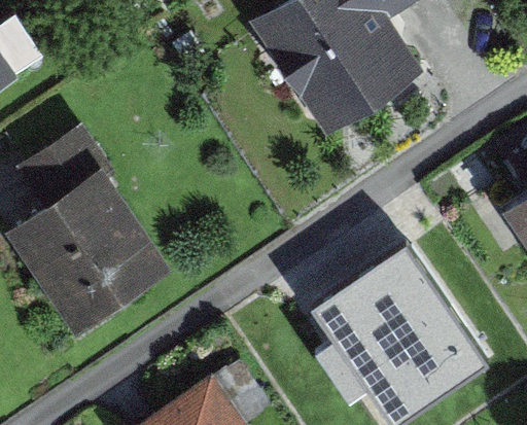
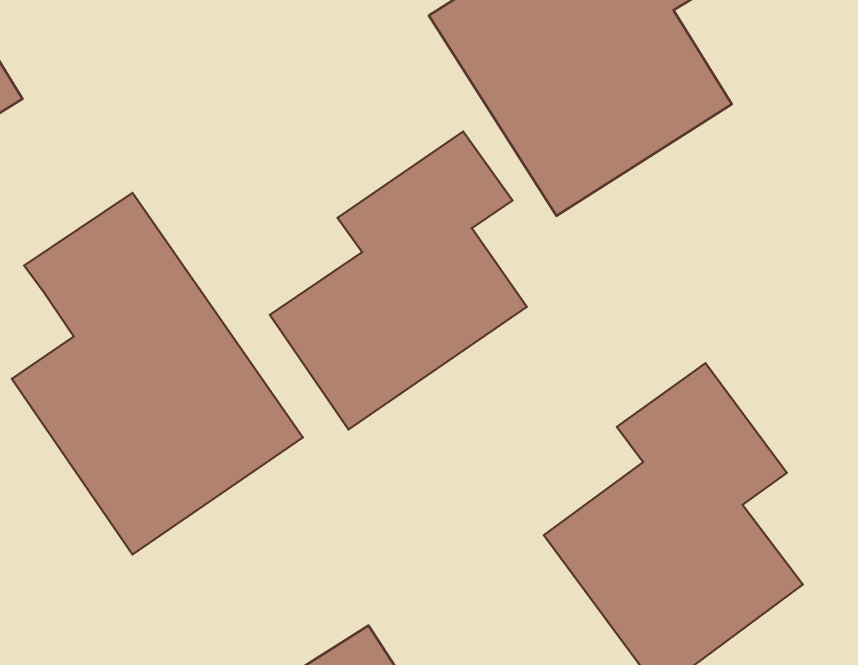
building: none -> [270,131,527,429]

